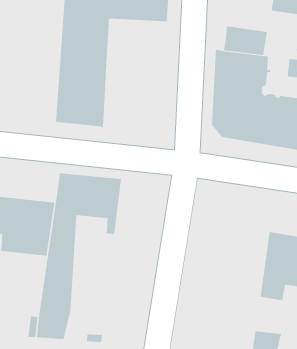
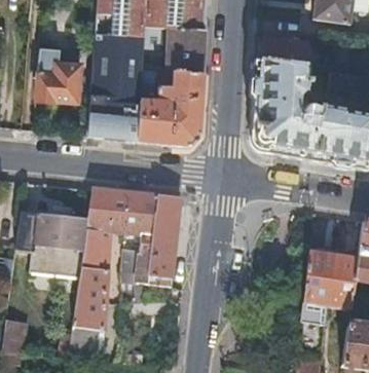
building: none -> [139,28,205,145]
building: none -> [37,47,81,103]
building: none -> [122,193,181,287]

